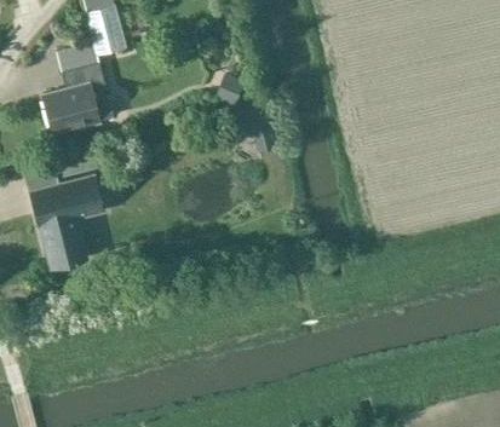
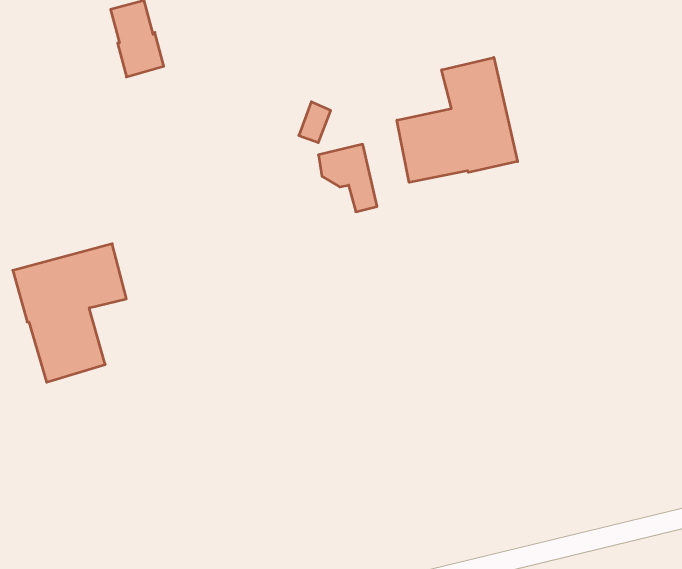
building: none -> [397,57,518,182]
building: [41,60,111,132] -> none

